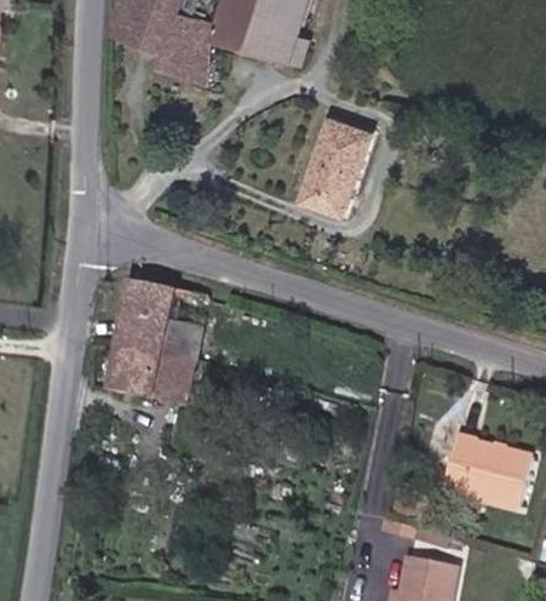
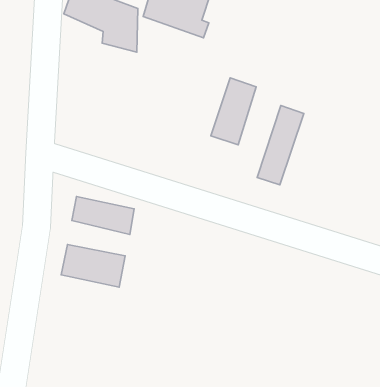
building: none -> [257,106,304,185]
building: [116,310,201,359] -> none
building: [443,437,528,505] -> none

